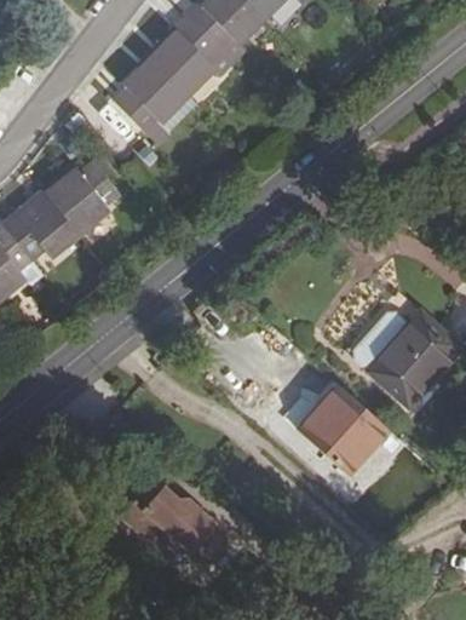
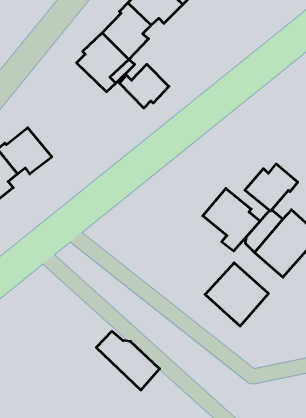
building: none -> [119,64,169,108]
building: [45,162,117,235] -> none
building: none -> [245,164,298,211]
building: none -> [203,188,260,251]

